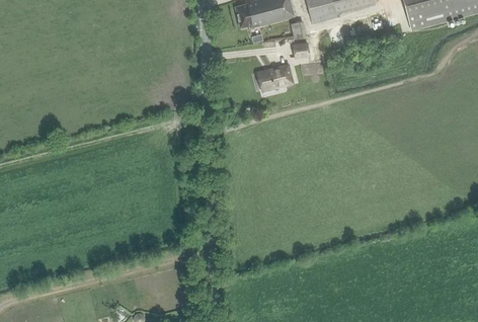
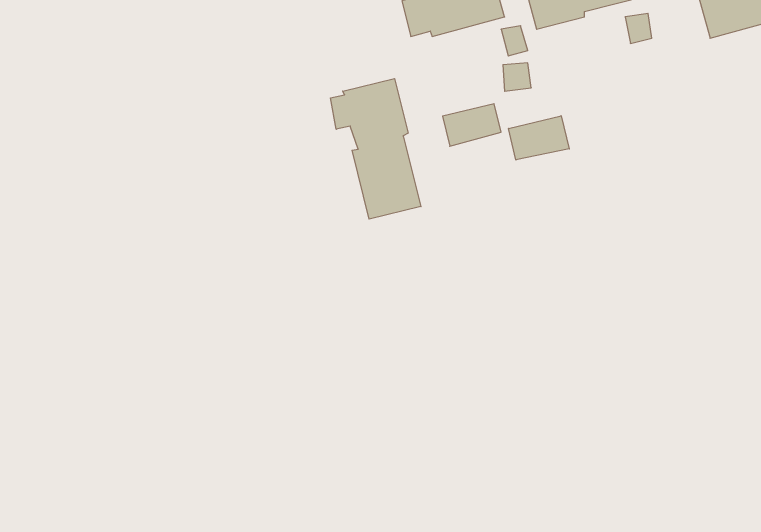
building: none -> [331,79,421,219]
building: none -> [509,116,569,160]

